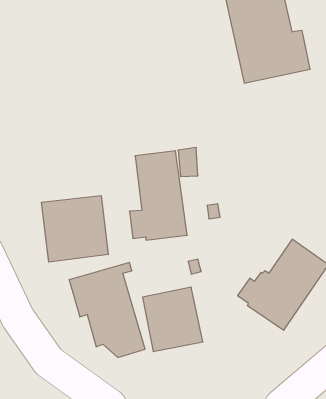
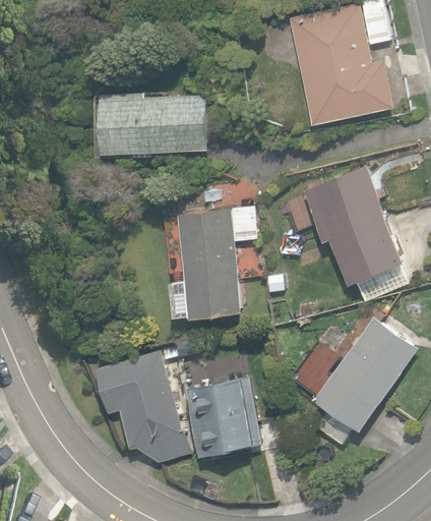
building: none -> [103,94,204,154]
building: none -> [303,166,404,285]
building: [41,196,108,262] -> none

